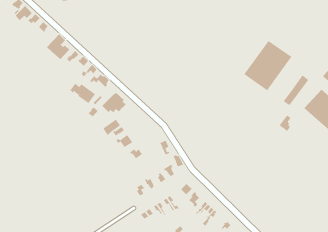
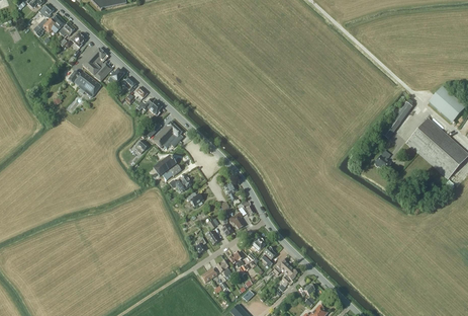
building: [243,40,292,91] -> none
building: [69,83,96,104] -> [68,70,101,96]

